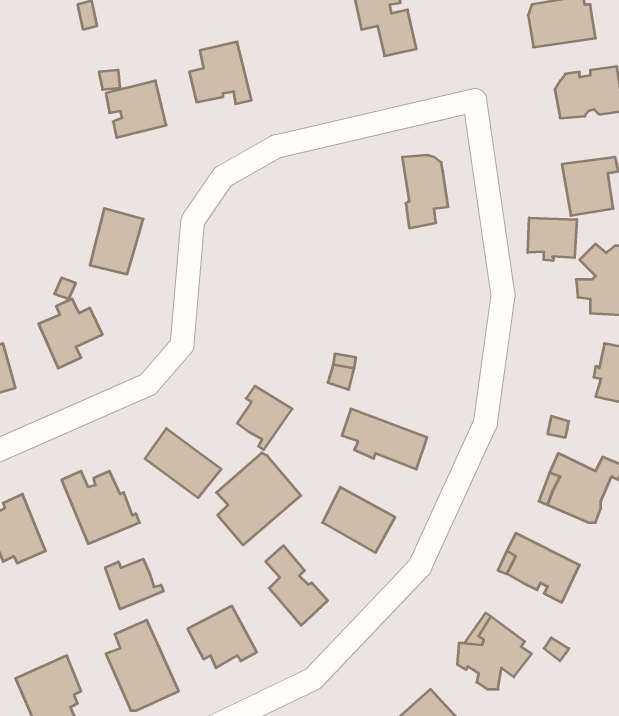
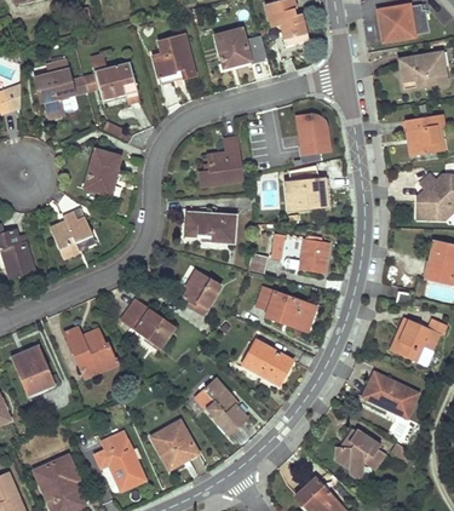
building: none -> [214,29,266,67]
building: none -> [33,59,85,117]
building: none -> [199,137,242,184]
building: [528,218,577,261] -> none
building: none -> [285,178,324,209]
building: none -> [184,212,235,242]
building: none -> [270,232,328,272]
building: [216,453,301,545] -> none
building: [105,559,163,609] -> none

